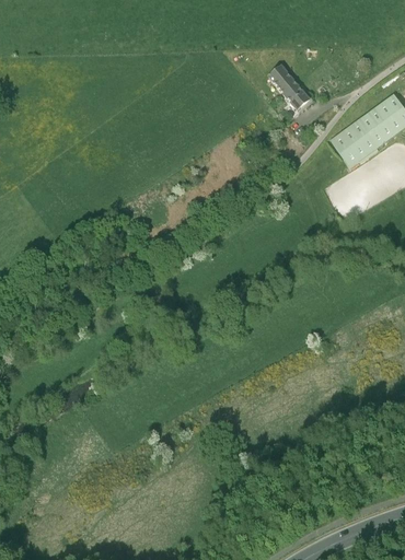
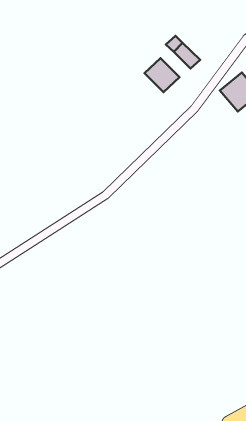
building: none -> [145,58,179,92]

